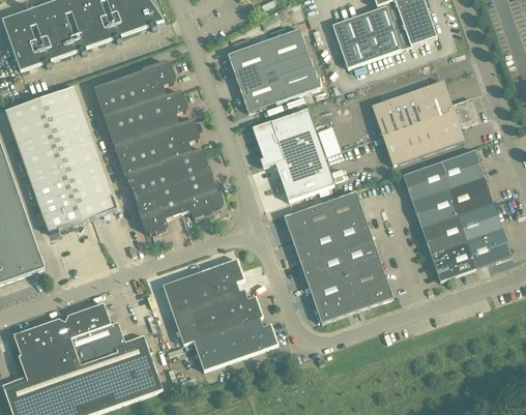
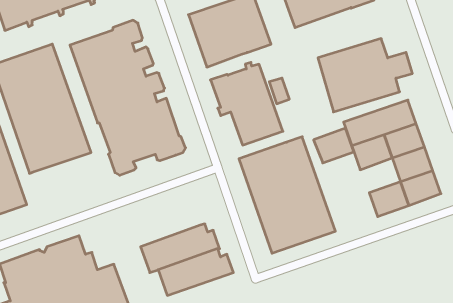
building: [420,214,466,254] -> [314,128,354,163]
building: [163,259,243,315] -> none

